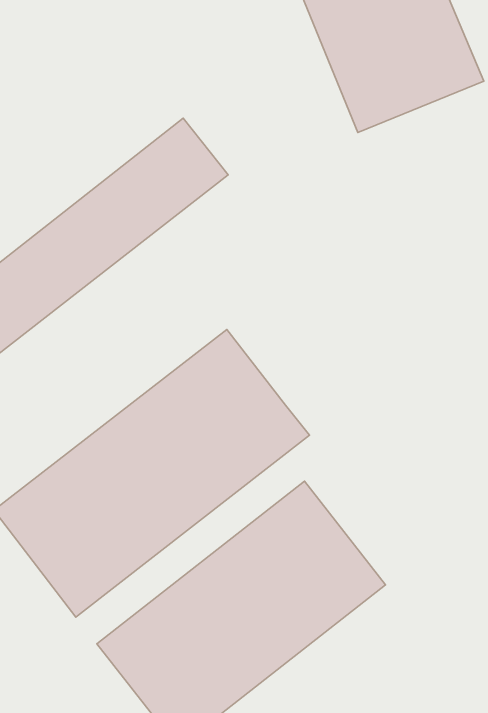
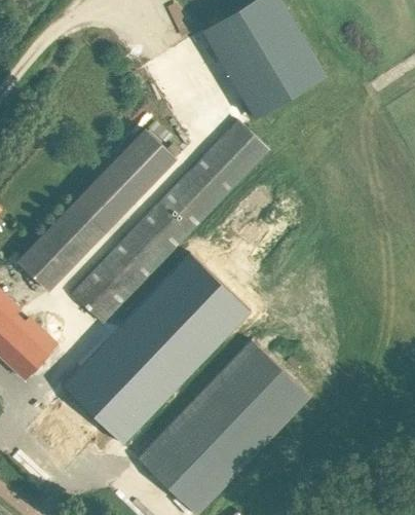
building: none -> [73,120,269,323]

